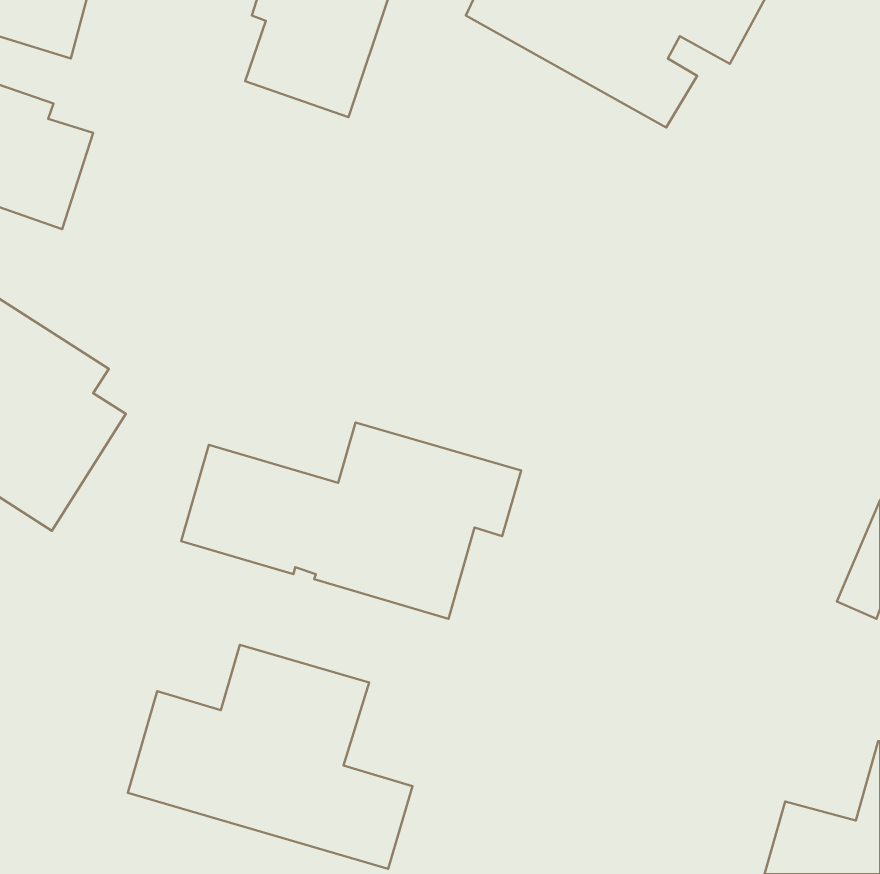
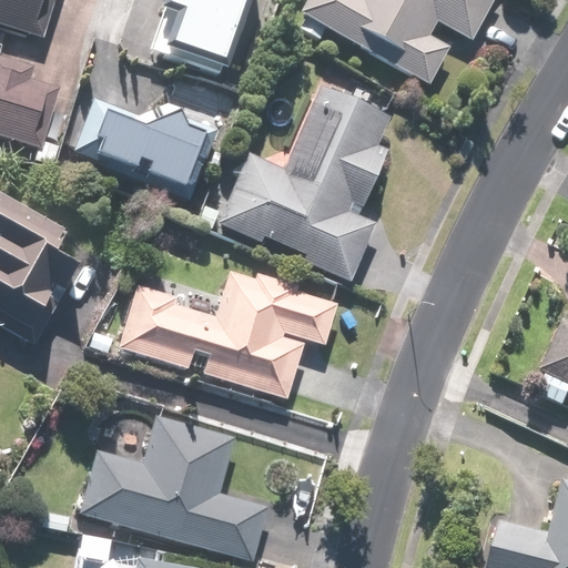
building: none -> [217,62,393,282]
building: none -> [73,97,217,197]

